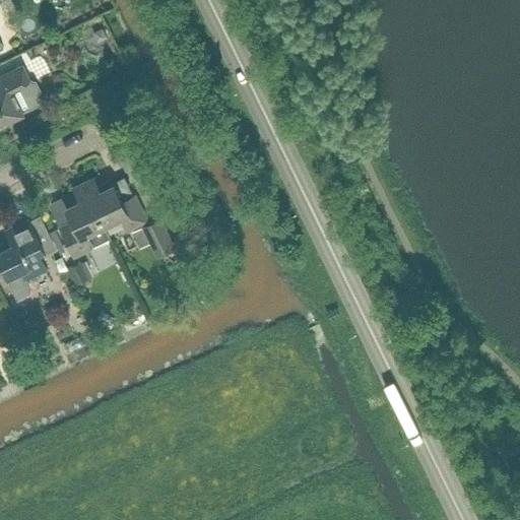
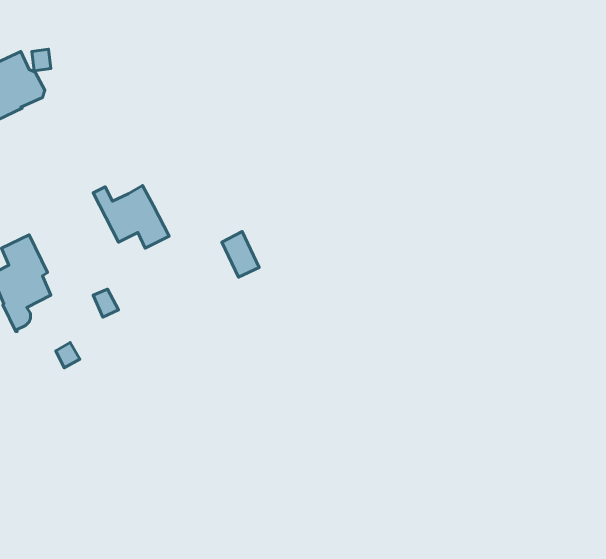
building: [58,186,109,258] -> none
building: [141,220,173,259] -> [222,231,259,277]

